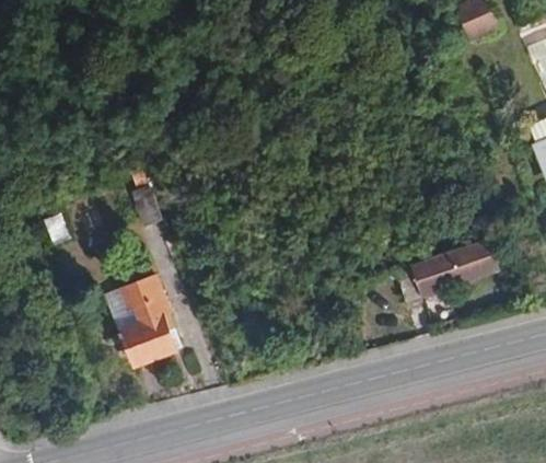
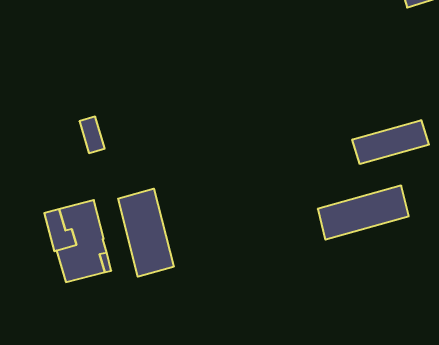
building: none -> [352,120,429,164]
building: none -> [118,189,174,277]

